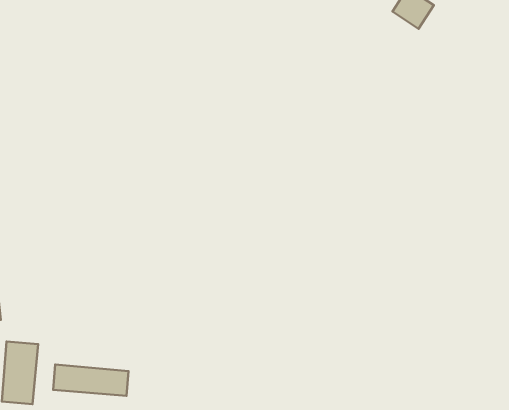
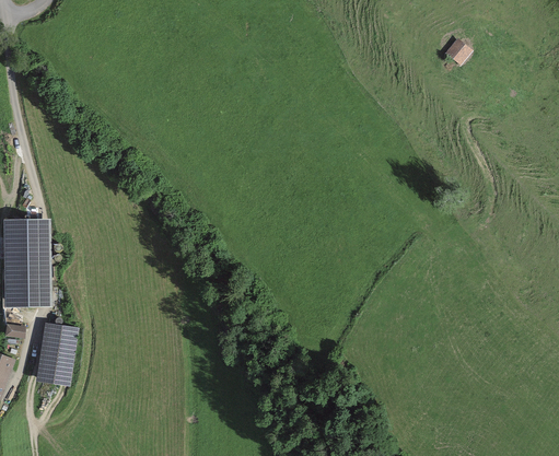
building: [53,364,128,396] -> none

